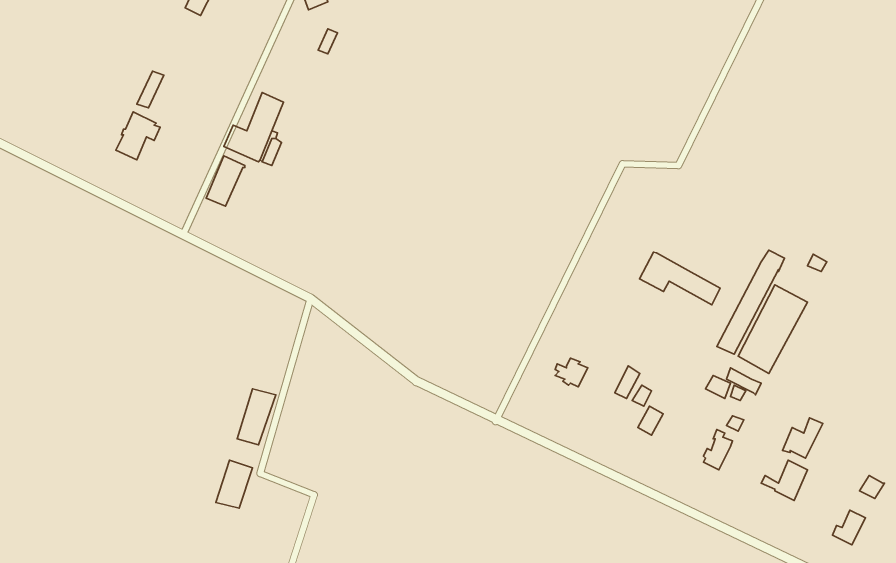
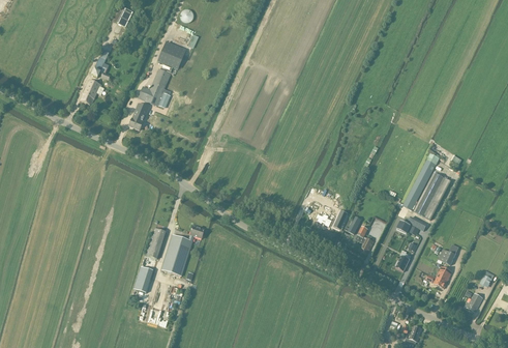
building: none -> [156,40,185,68]
building: [639,252,720,305] -> none
building: none -> [161,226,204,276]

